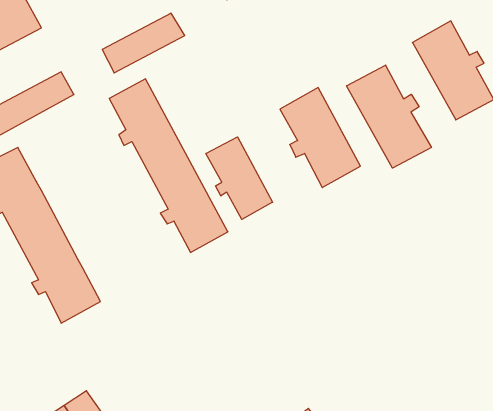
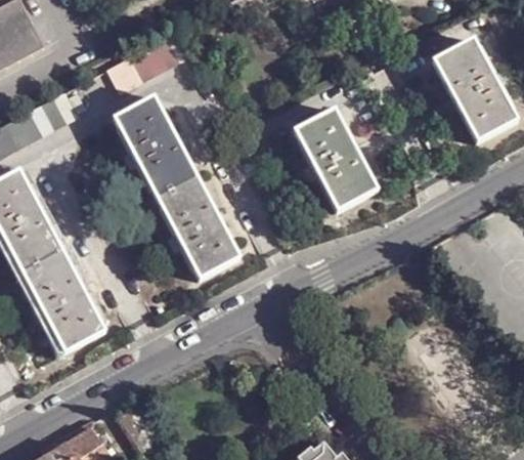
building: [347,65,431,168] -> none
building: [206,137,273,219] -> none

